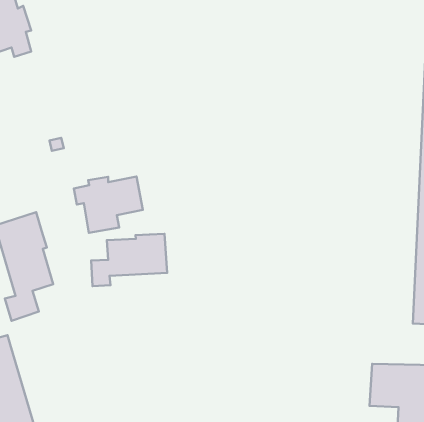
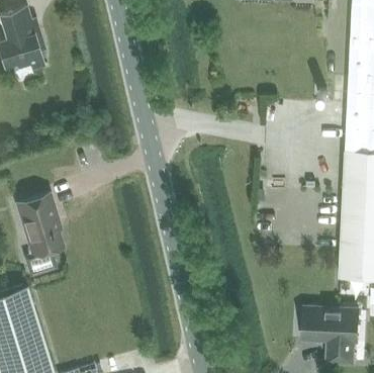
building: [74,177,143,233] -> none
building: [91,234,167,286] -> none

